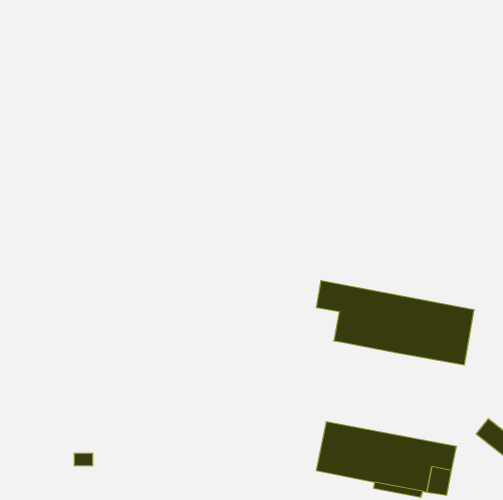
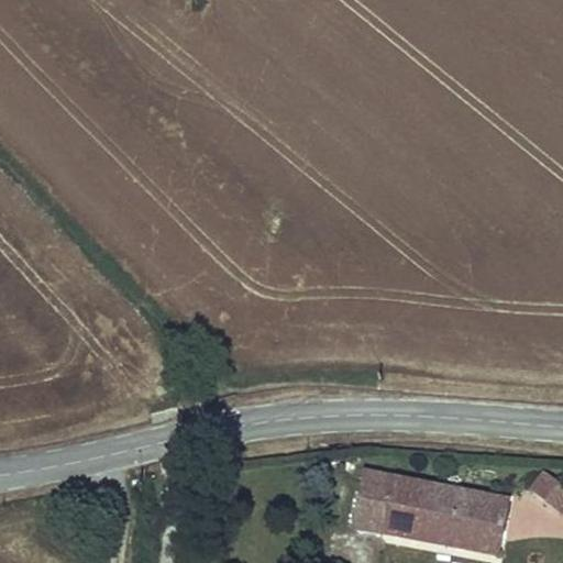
building: [316,280,474,365] -> none

